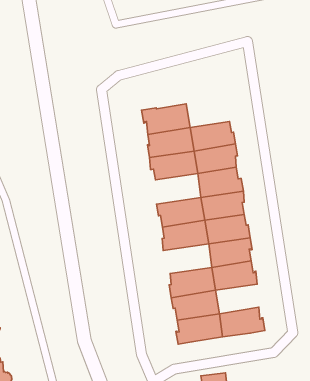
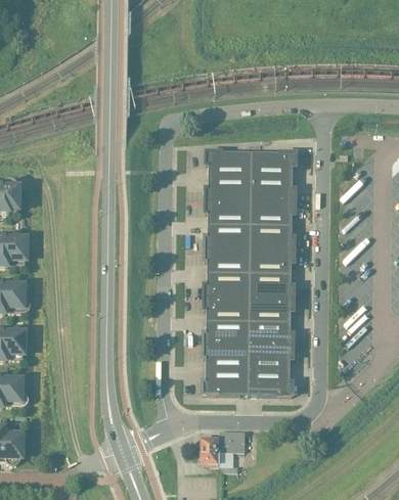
building: none -> [252,151,296,177]
building: none -> [205,223,252,248]
building: none -> [204,296,251,321]
building: none -> [250,345,293,369]

